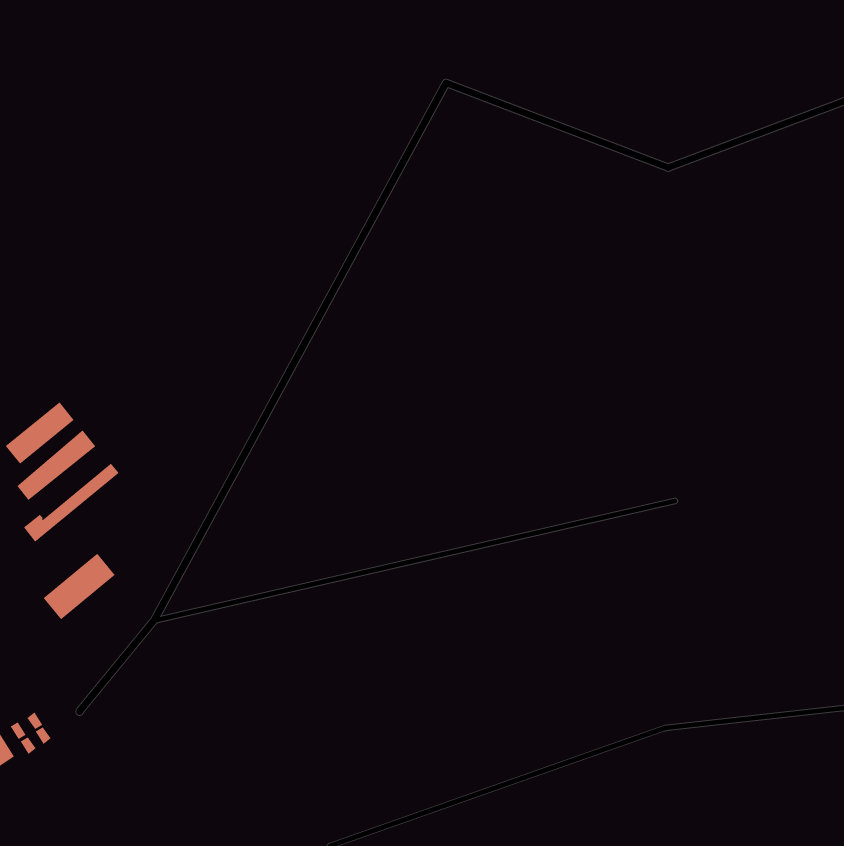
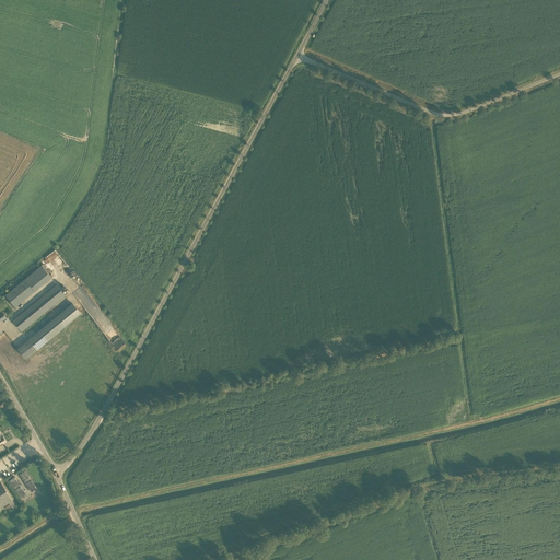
building: [43,553,116,620] -> none

